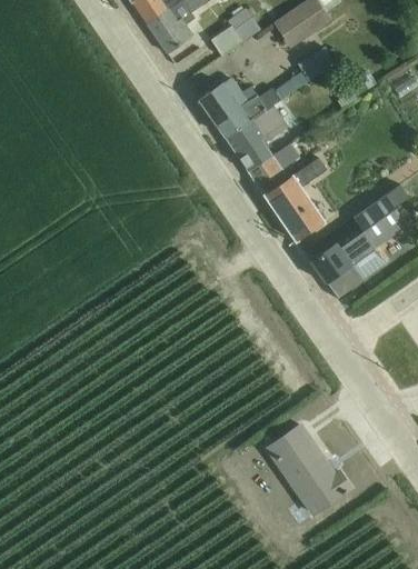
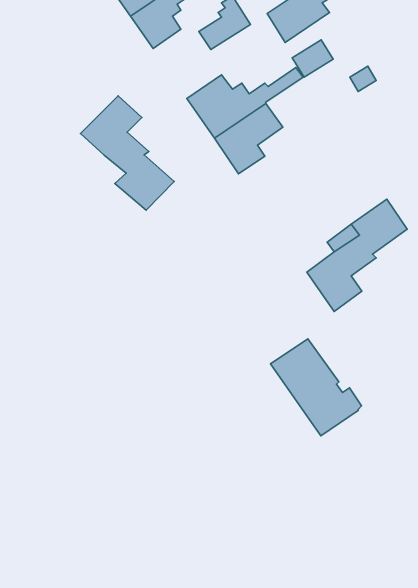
building: none -> [80,96,174,210]
building: [248,142,327,241] -> none
building: [266,426,350,516] -> [271,339,362,436]

